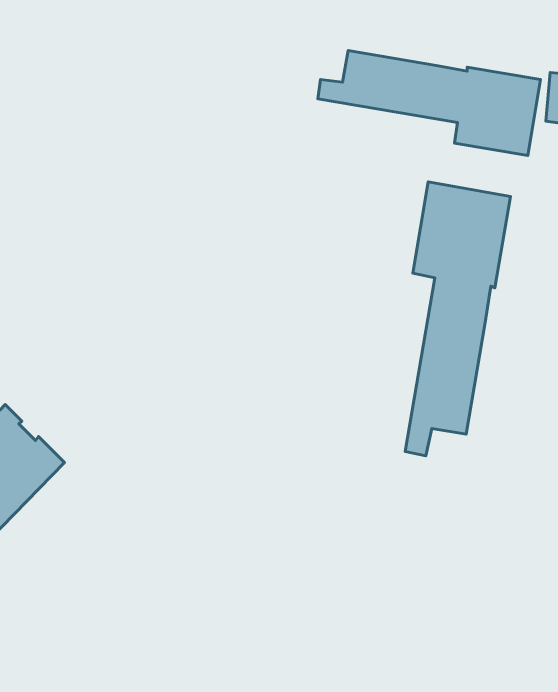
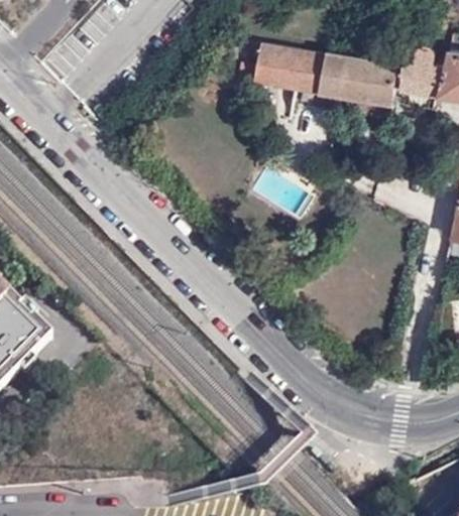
building: [405,182,510,456] -> none

